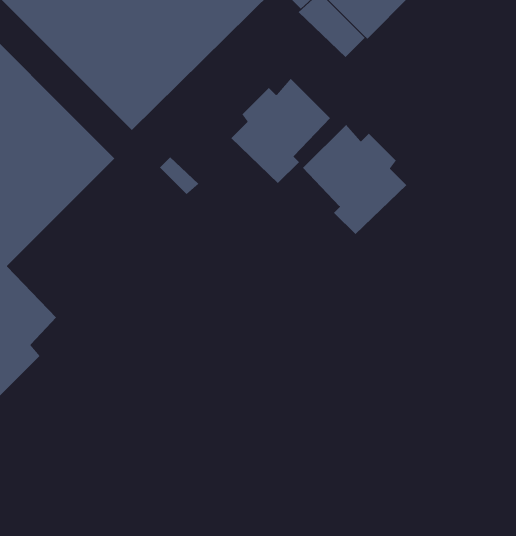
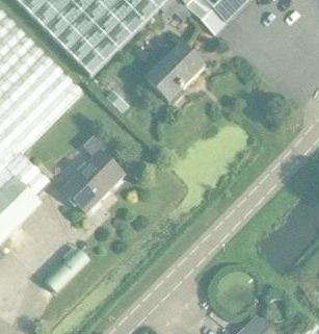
building: [302,124,407,235] -> none
building: none -> [60,135,123,213]

